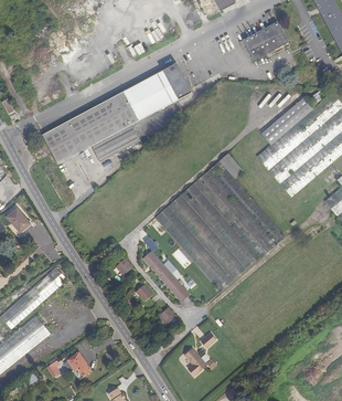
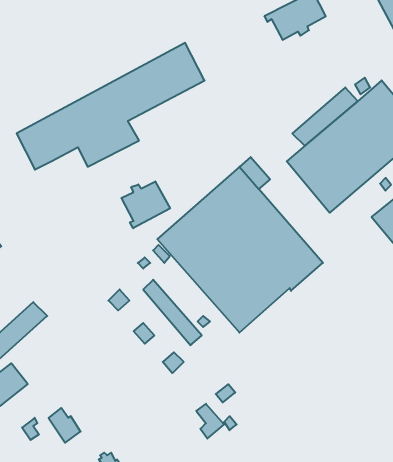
building: none -> [121,181,170,228]

